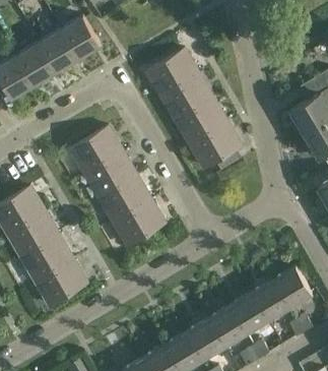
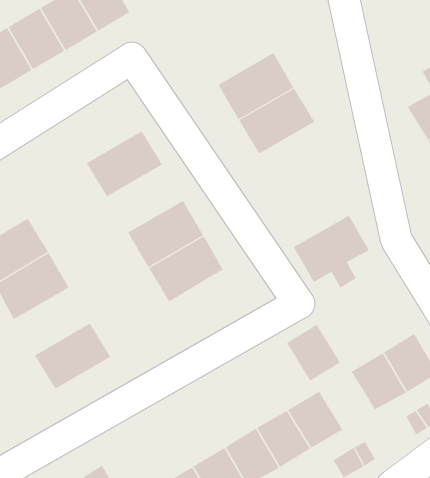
building: [146,49,199,96] -> none
building: [189,121,242,172] -> [293,215,370,289]
building: [84,150,137,197] -> none
building: [20,235,73,282] -> none
building: [231,293,268,332] -> [286,324,341,382]

